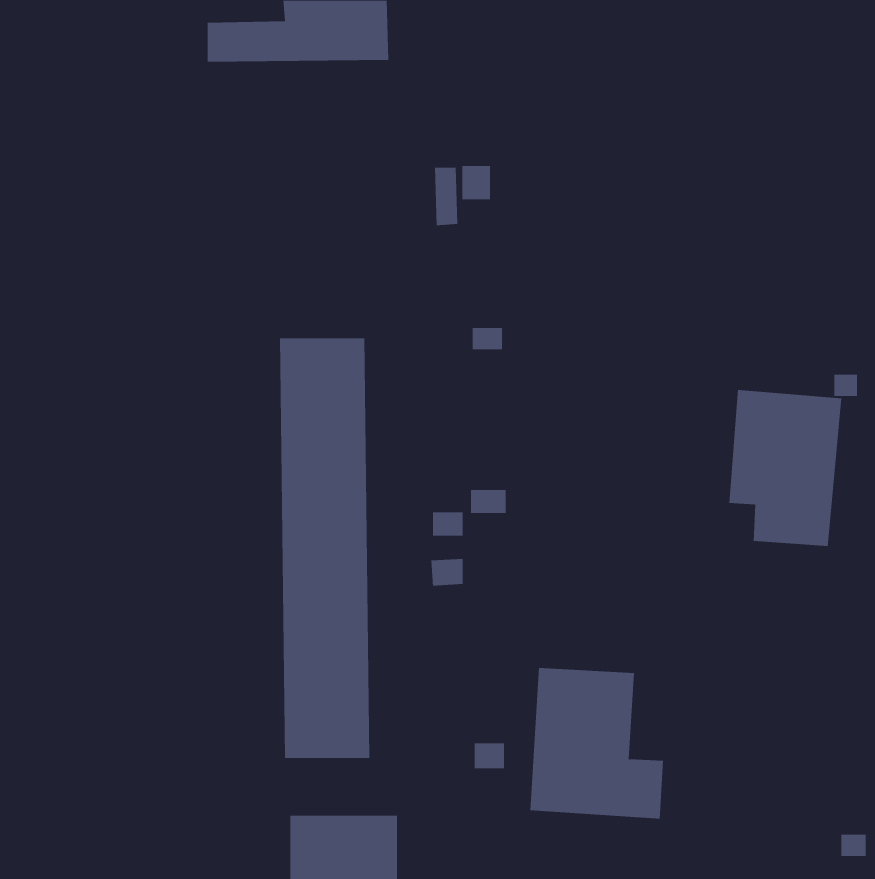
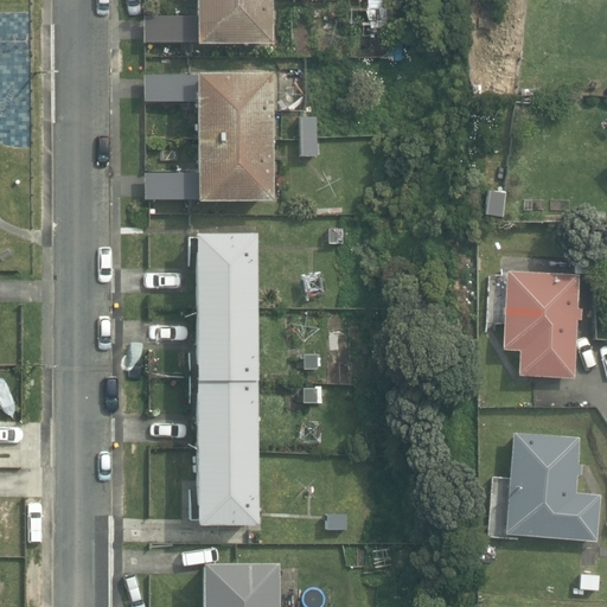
building: none -> [146,72,271,200]
building: [530,668,664,819] -> [506,433,599,537]

